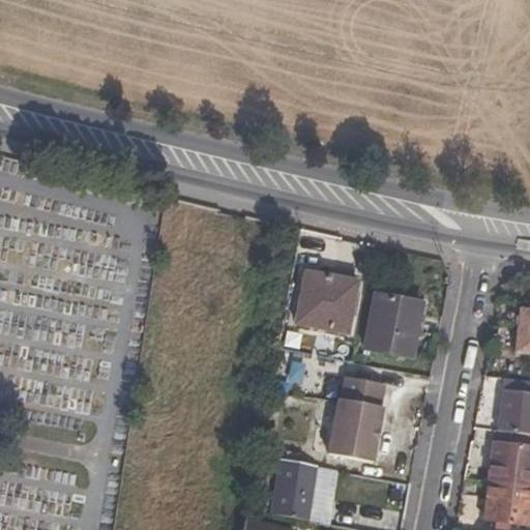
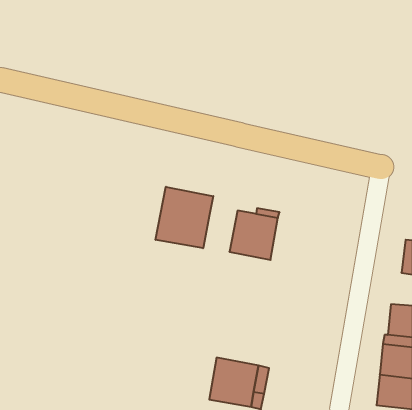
building: none -> [156,187,213,248]
building: [364,293,421,357] -> none
building: [331,377,383,462] -> none

